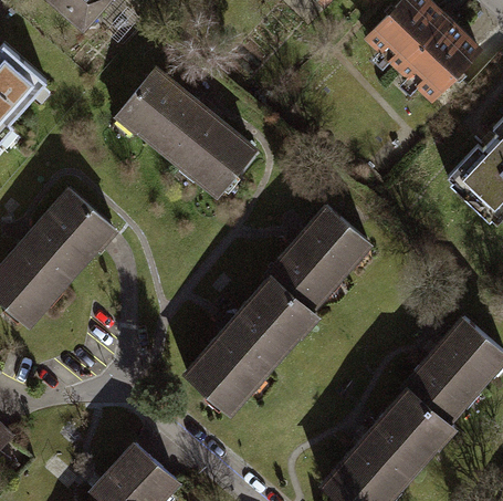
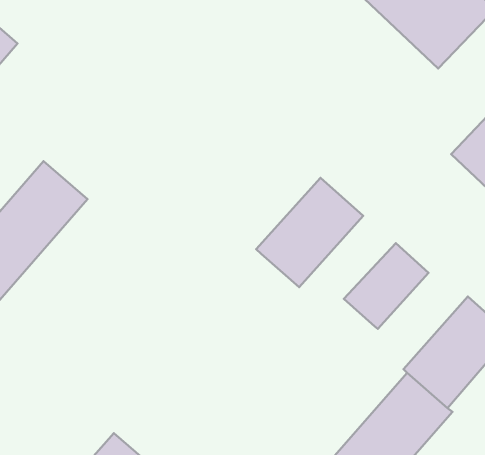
building: [119,72,253,196] -> none
building: none -> [344,243,428,329]
building: [187,279,313,411] -> none

